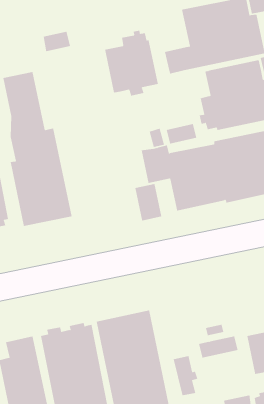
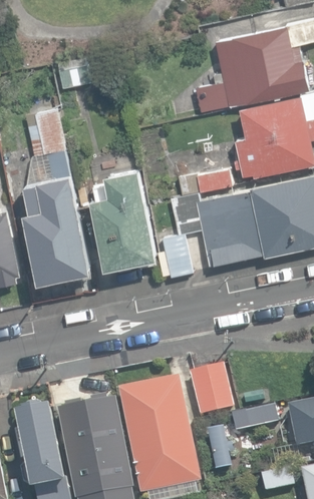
building: [105,30,159,97] -> none
building: none -> [90,167,159,270]
building: none -> [189,365,233,417]

